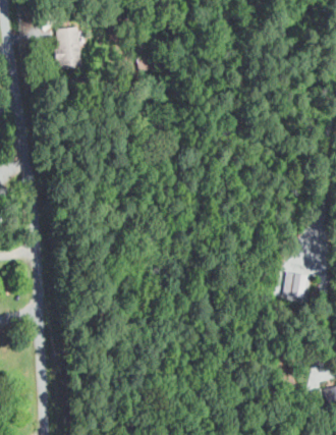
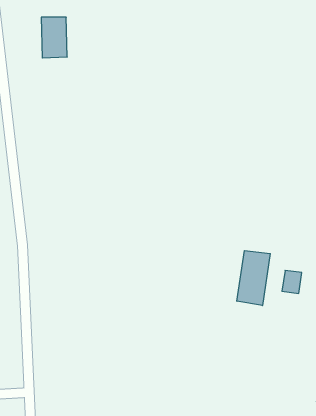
building: none -> [237,251,270,306]

